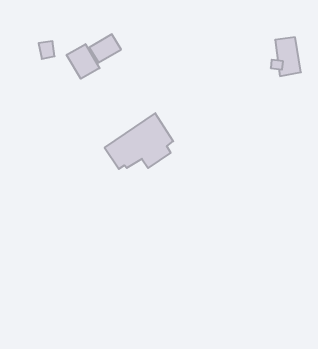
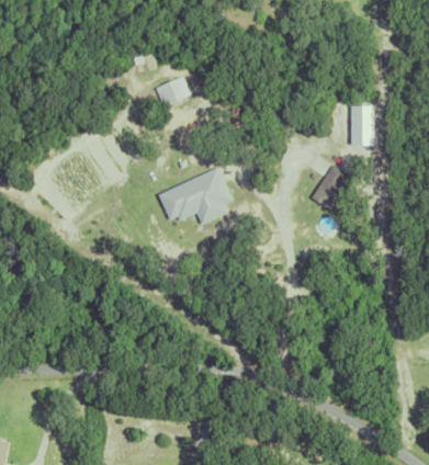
building: [67,44,100,79] -> none
building: none -> [311,166,353,214]

